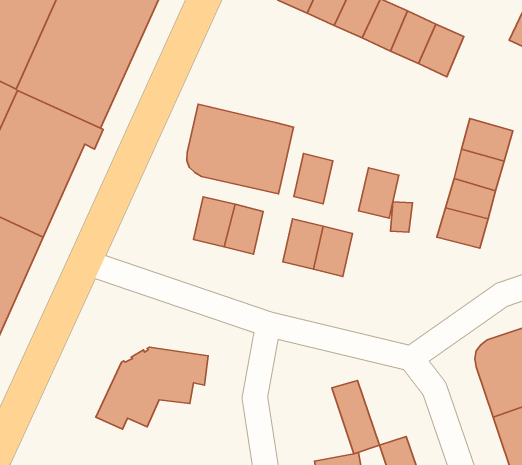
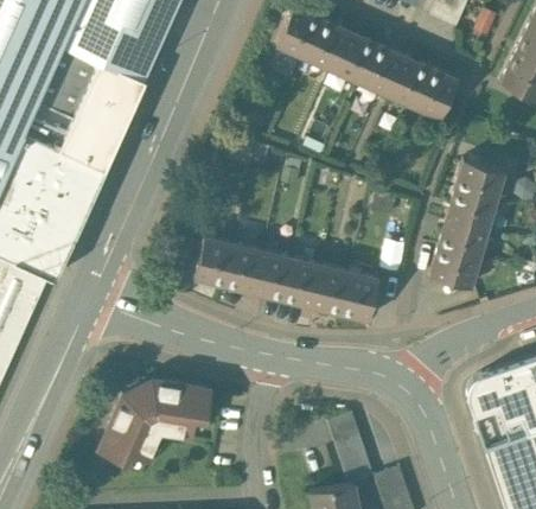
building: [187,104,293,194] -> none
building: [294,154,333,204] -> [253,250,291,299]
building: [359,168,399,218] -> [339,272,378,320]

